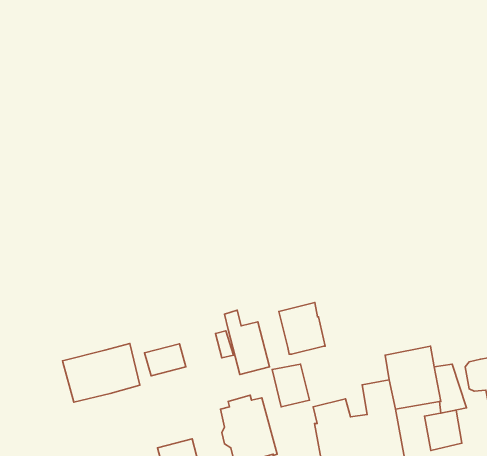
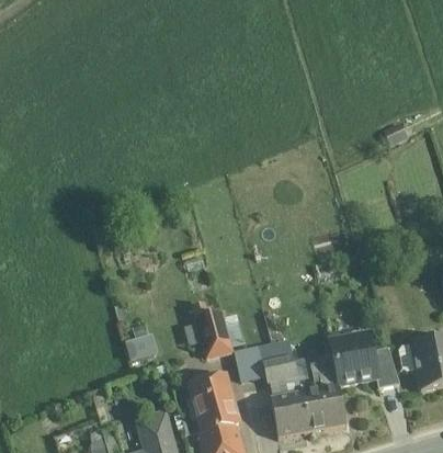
building: [279,303,325,354] -> [258,339,297,383]
building: [62,344,140,402] -> none
building: [425,410,462,450] -> none

